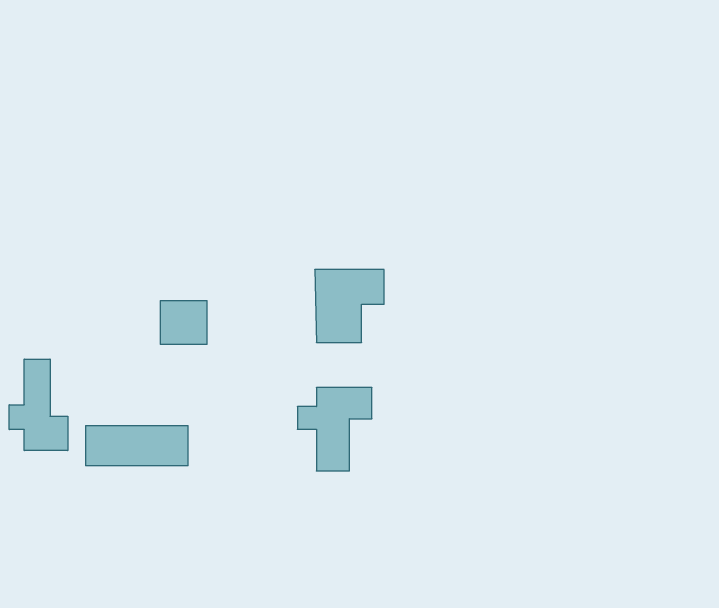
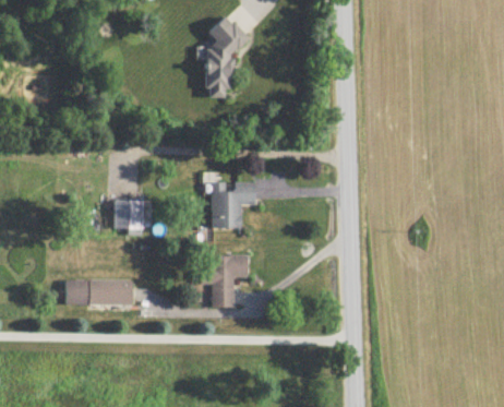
building: none -> [206,23,244,97]
building: [9,359,68,451] -> none

